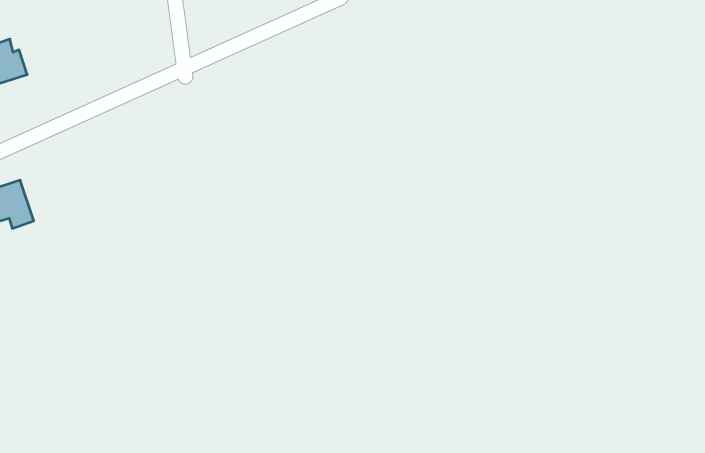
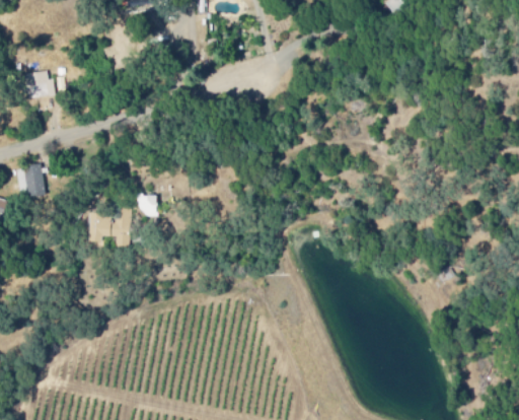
building: none -> [138,194,158,214]

